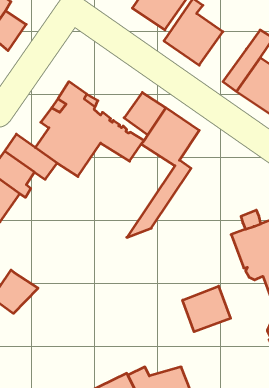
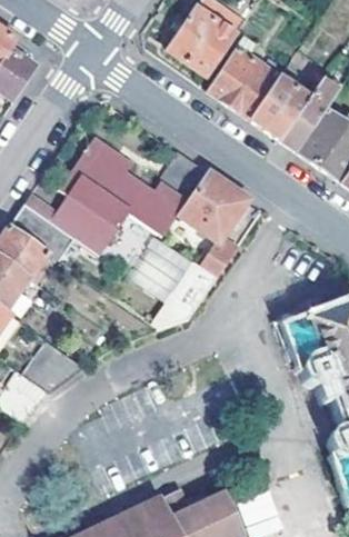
building: none -> [250,77,308,138]
building: none -> [23,339,88,391]
building: [183,286,231,332] -> none

